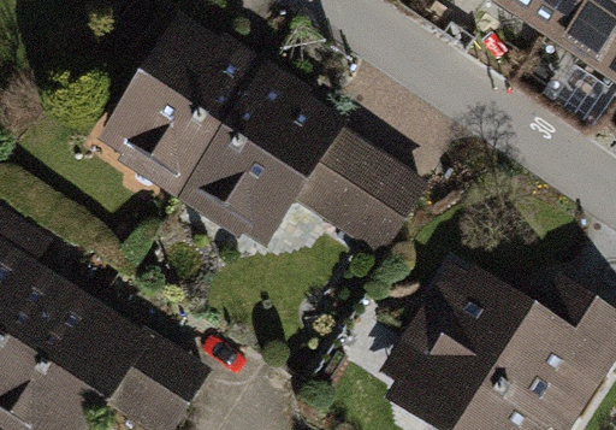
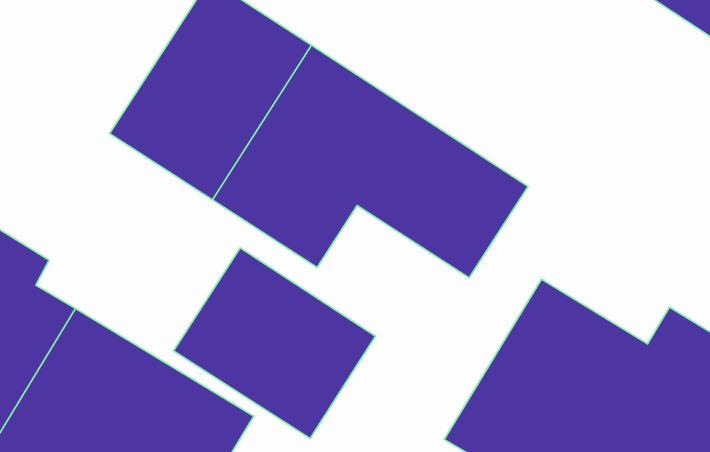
building: none -> [174,248,376,438]

